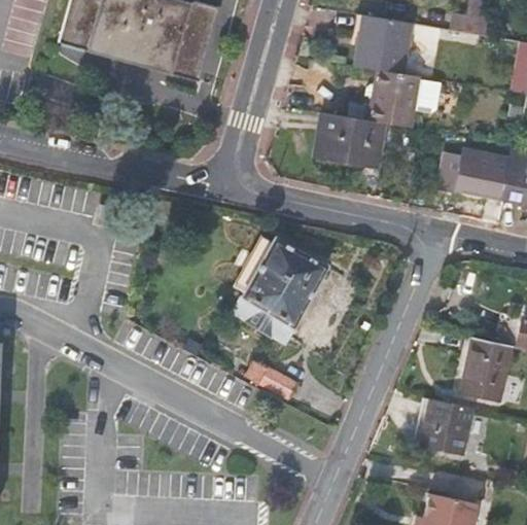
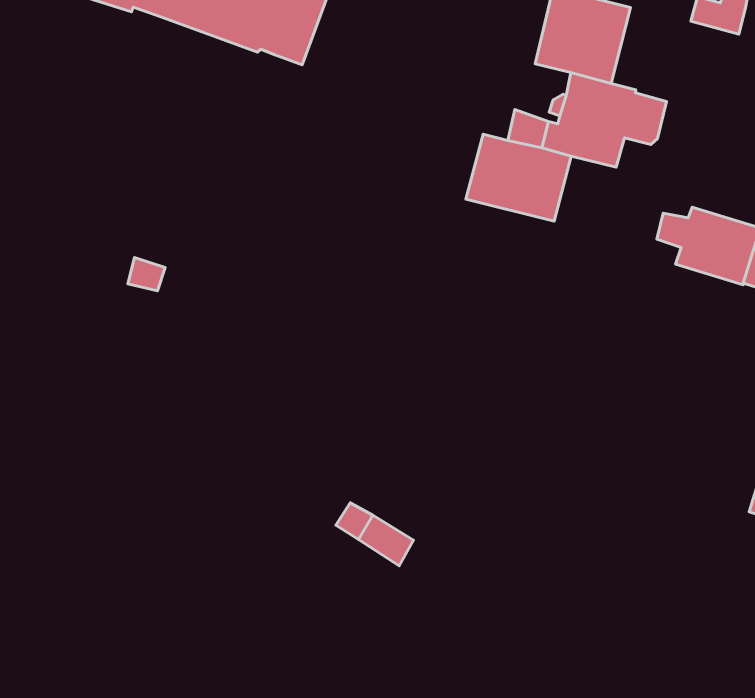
building: [239,241,326,342] -> none
building: [458,338,510,399] -> none
building: [421,397,473,456] -> none

